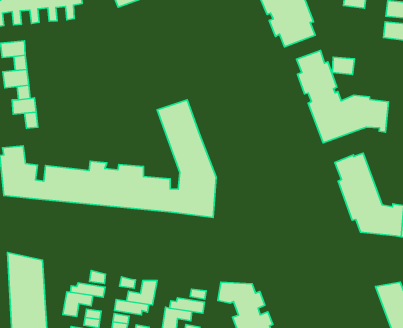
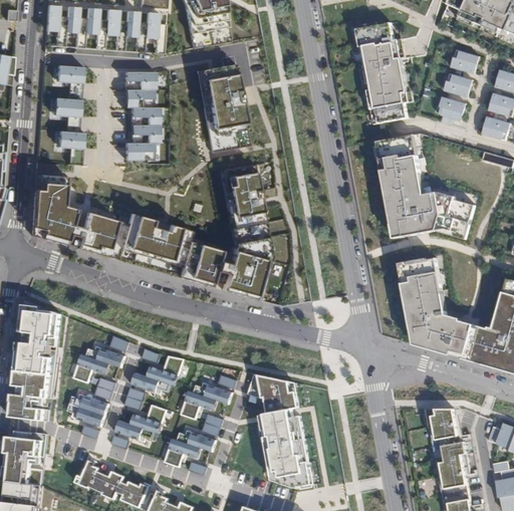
building: none -> [197,62,251,152]
building: none -> [124,70,160,159]
building: [332,57,354,74] -> [438,96,465,119]

